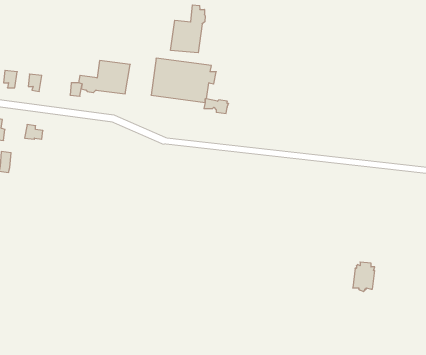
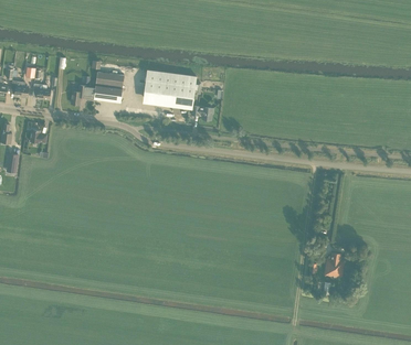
building: [171,5,205,53] -> none

